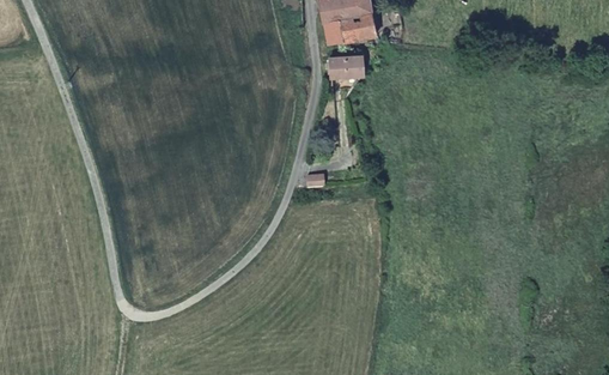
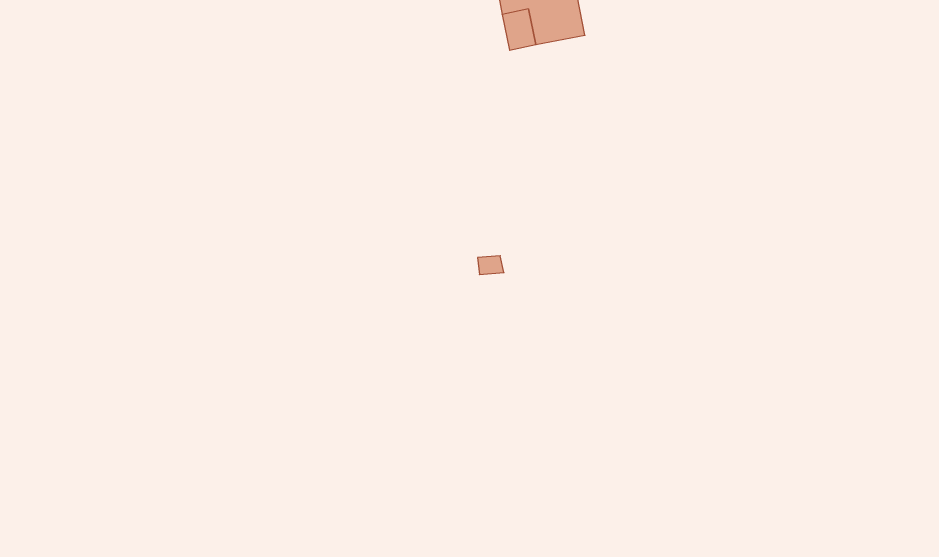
building: [329,56,363,77] -> none

